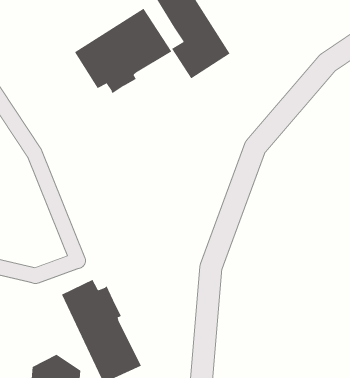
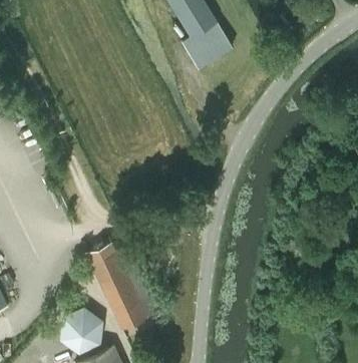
building: [74,8,172,94] -> none

